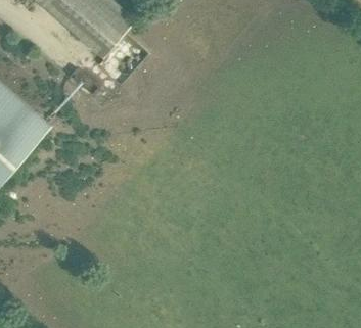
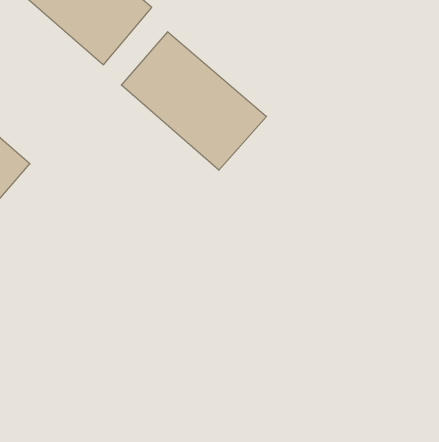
building: none -> [121,32,267,170]

